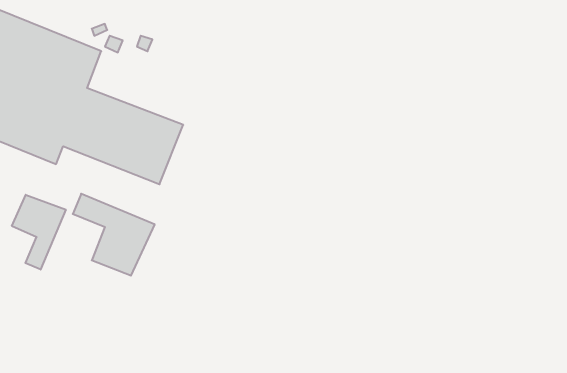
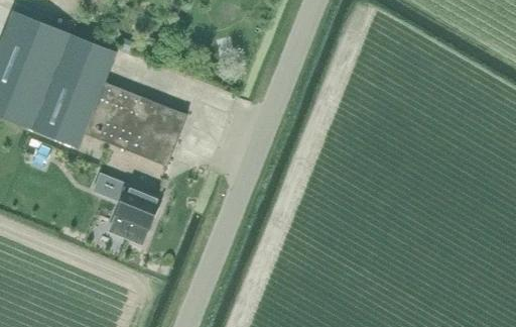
building: [12,195,66,270] -> none

